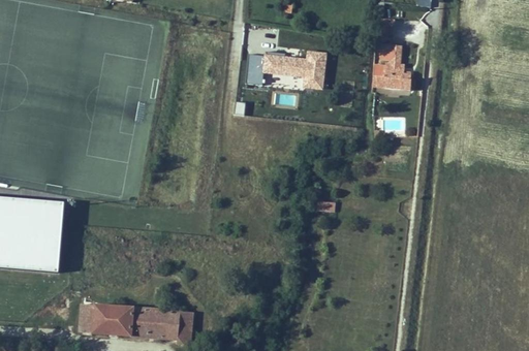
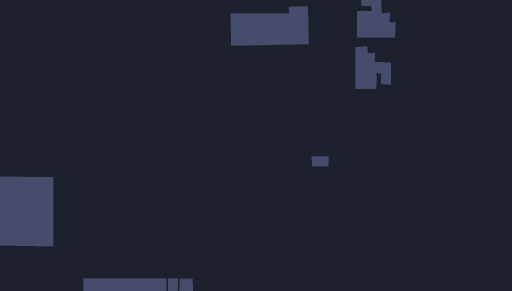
building: none -> [355,45,392,90]

